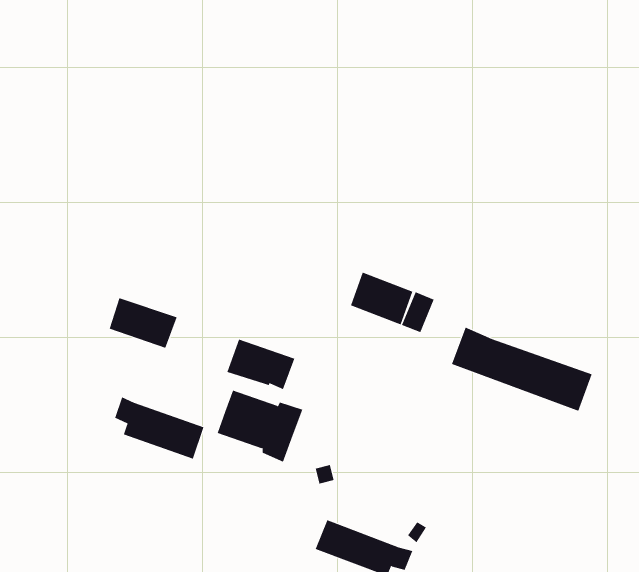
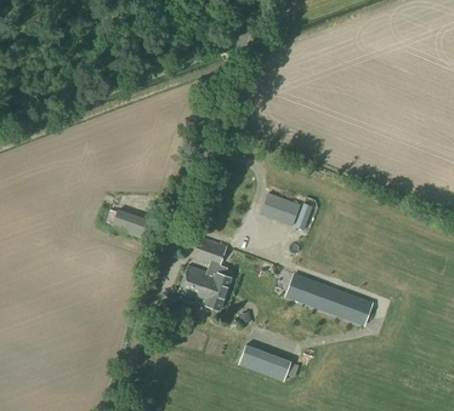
building: [451,327,593,411] -> [285,273,373,325]
building: [114,396,204,460] -> none

